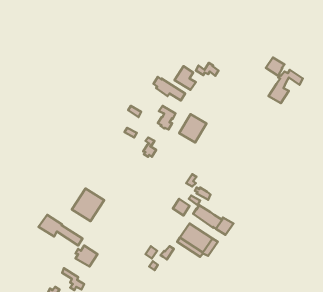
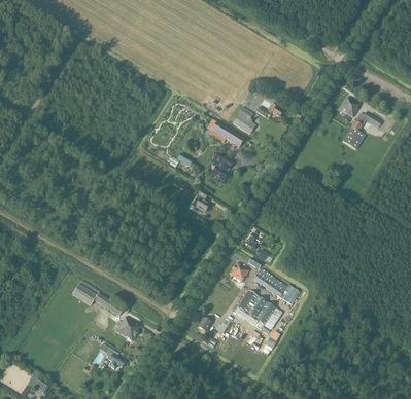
building: [179,114,206,142] -> none
building: [72,189,104,221] -> none

